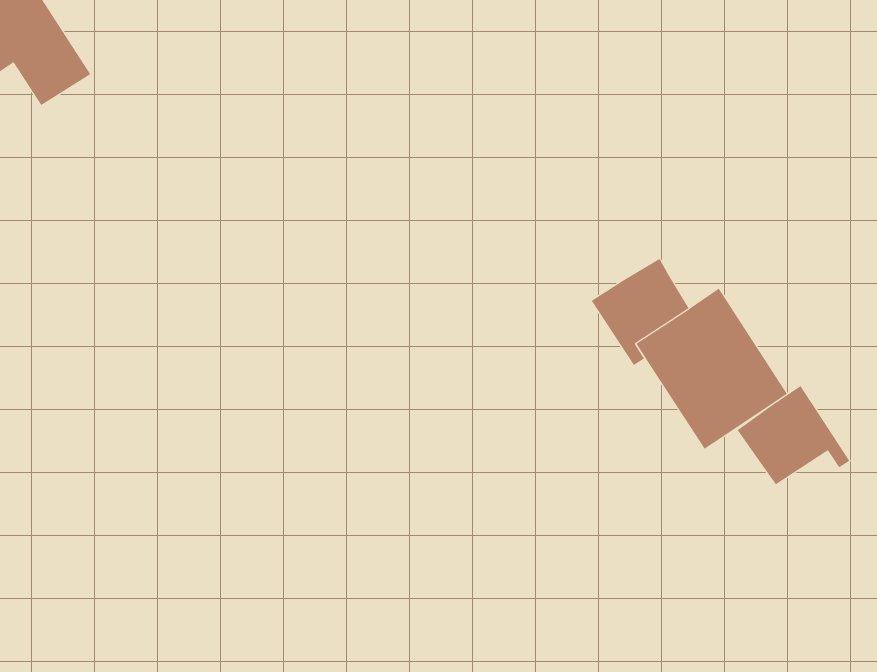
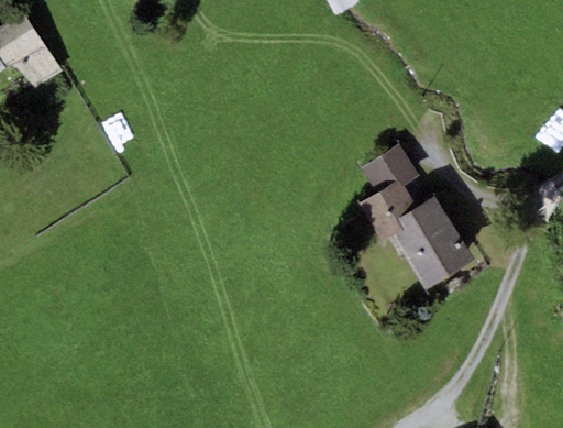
building: none -> [362,143,419,191]
building: [737,385,850,485] -> none

